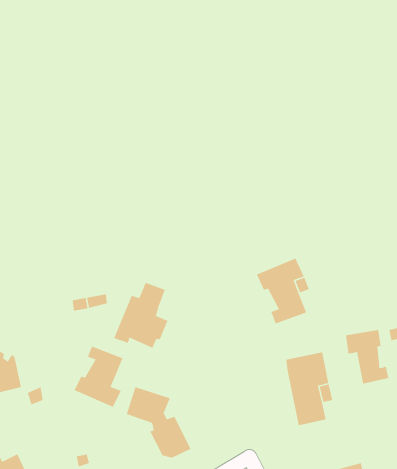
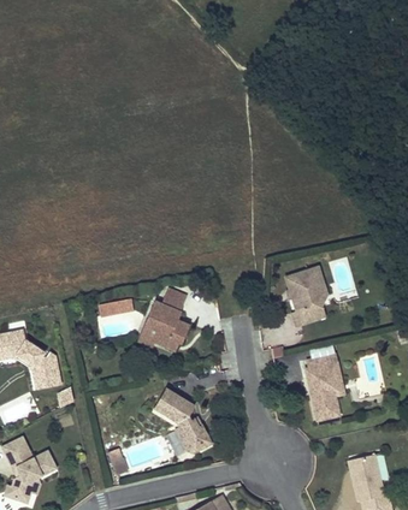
building: [345,329,389,385] -> none
building: [73,345,124,408] -> none

